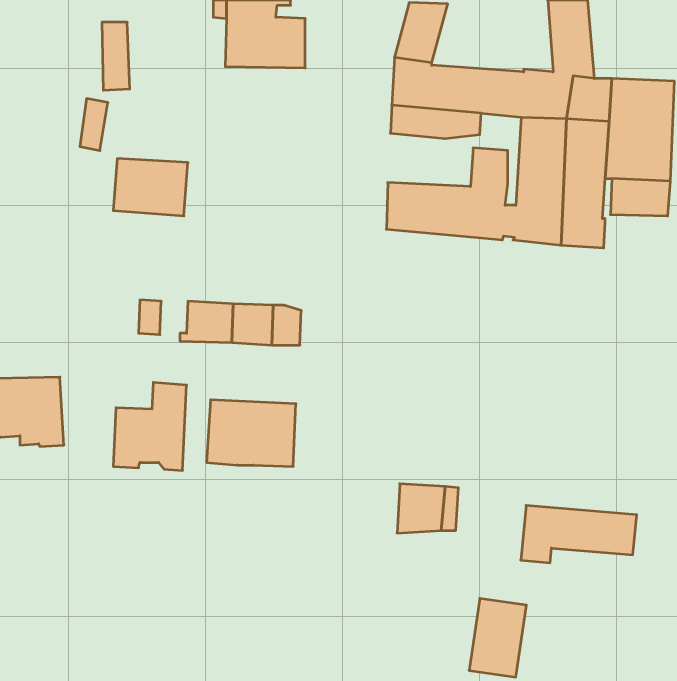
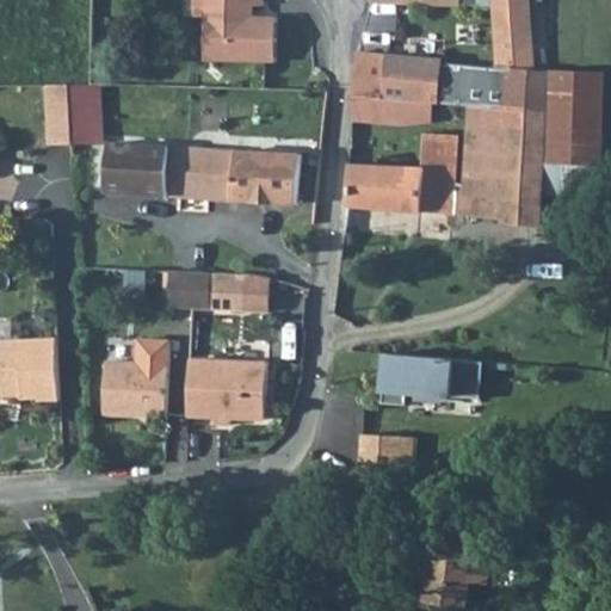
building: [102,22,130,90] -> [44,84,69,144]
building: none -> [165,146,298,202]
building: [521,505,637,563] -> [378,353,482,405]

